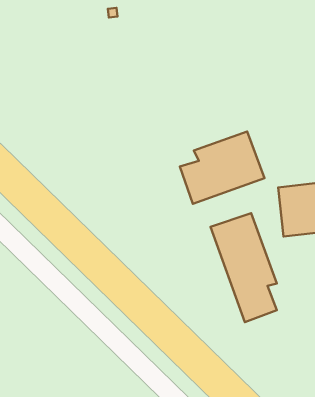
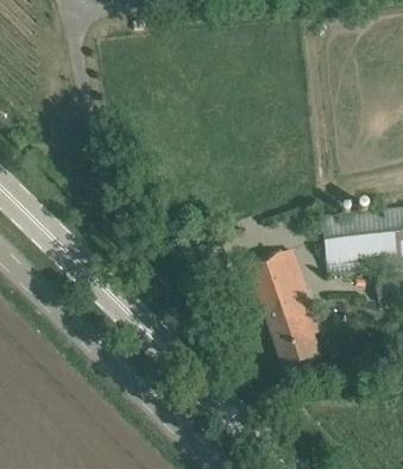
building: [180,132,265,204] -> none

